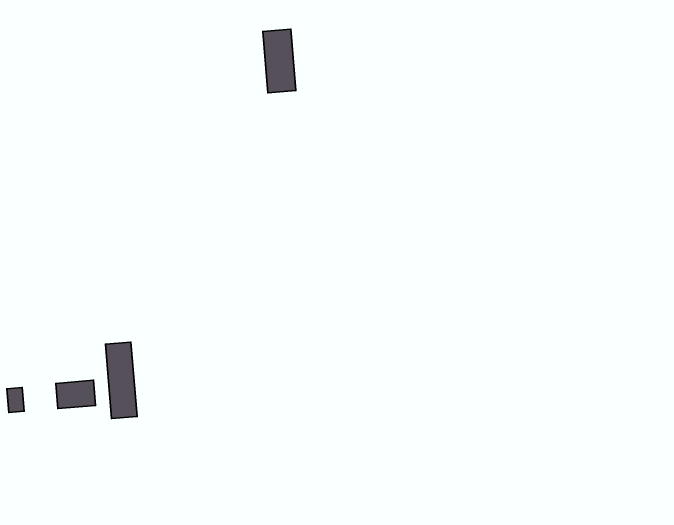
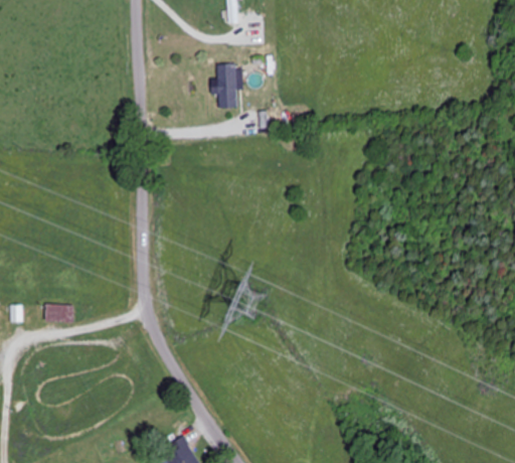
building: [105,342,137,419] -> none

